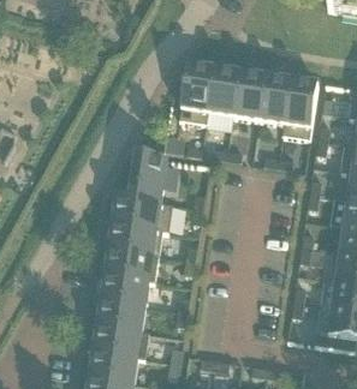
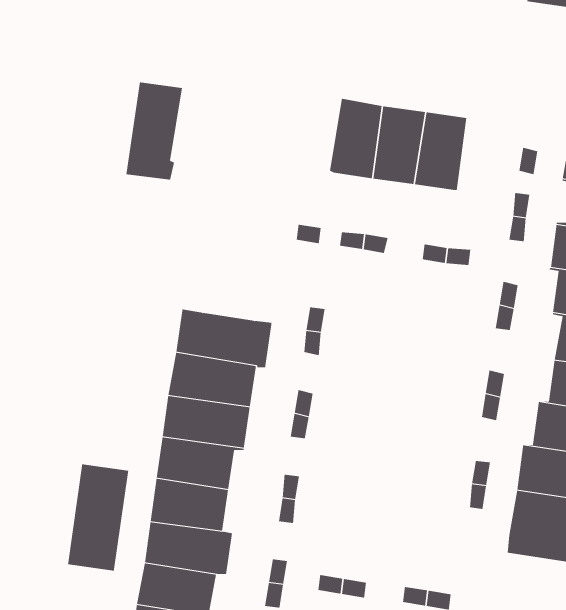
building: [179,59,214,119] -> [126,82,183,180]
building: [281,74,319,134] -> none
building: [130,150,167,198] -> none
building: none -> [67,463,129,571]

